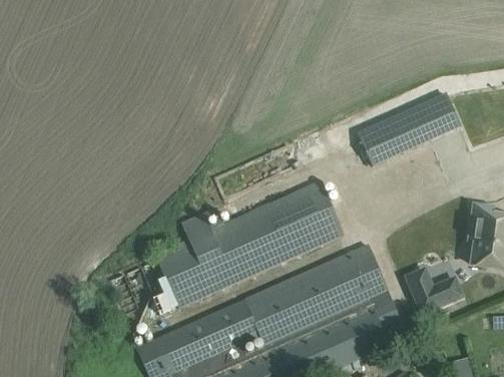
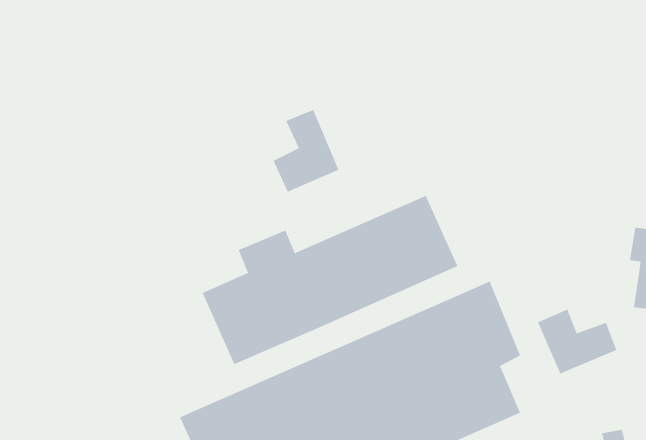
building: [358,91,462,164] -> none
building: none -> [273,109,339,192]

